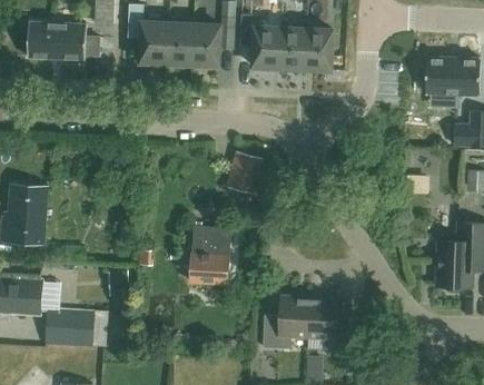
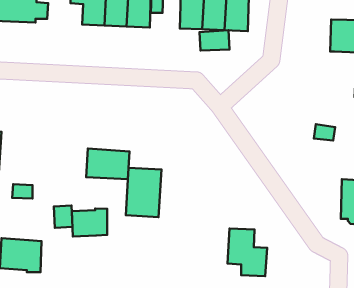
building: [225,154,259,196] -> none
building: none -> [86,148,130,179]
building: none -> [72,209,107,236]
building: [263,296,309,348] -> none

